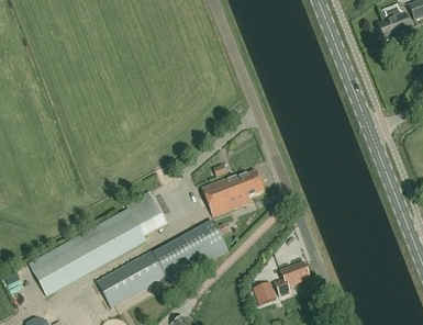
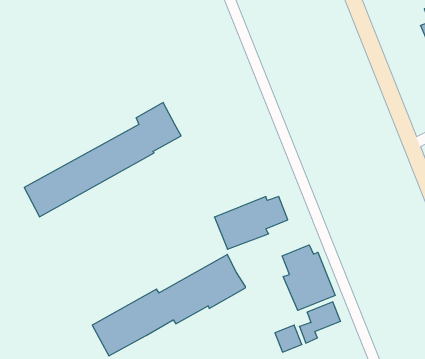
building: [33,194,167,292] -> [24,103,181,217]
building: none -> [282,245,335,310]

